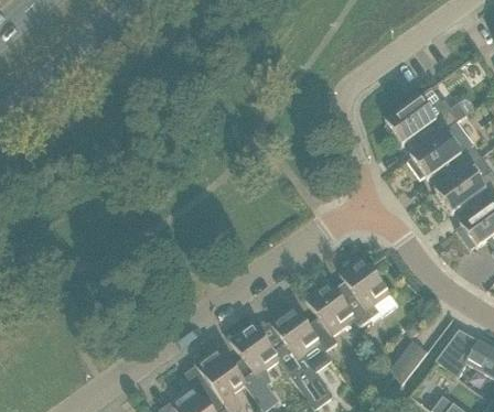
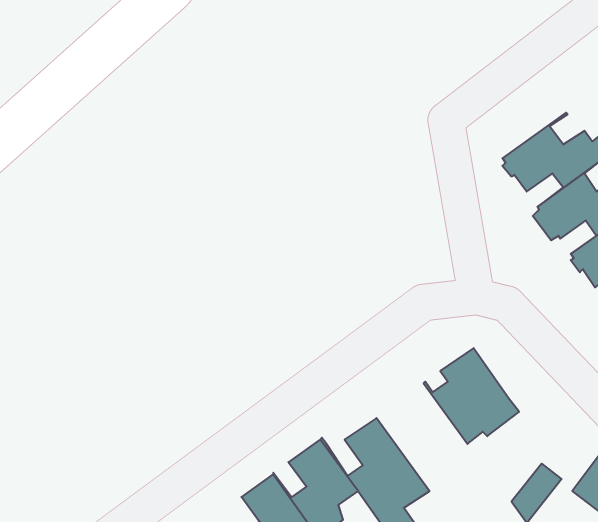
building: [293,281,359,350] -> none

